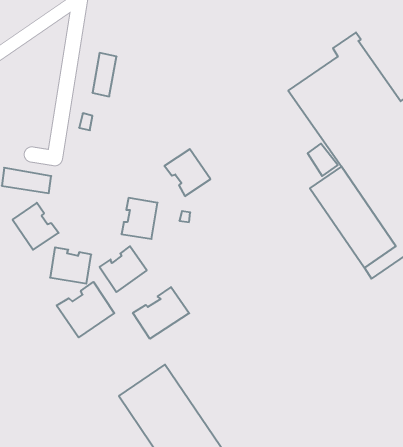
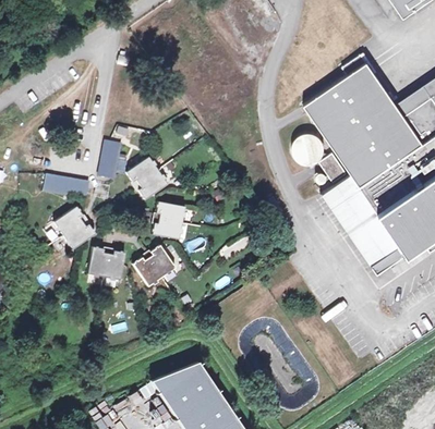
building: [92,53,117,96] -> [99,139,121,179]
building: [164,149,210,196] -> [126,157,168,199]
building: [57,282,114,337] -> none
building: [133,287,189,339] -> none

